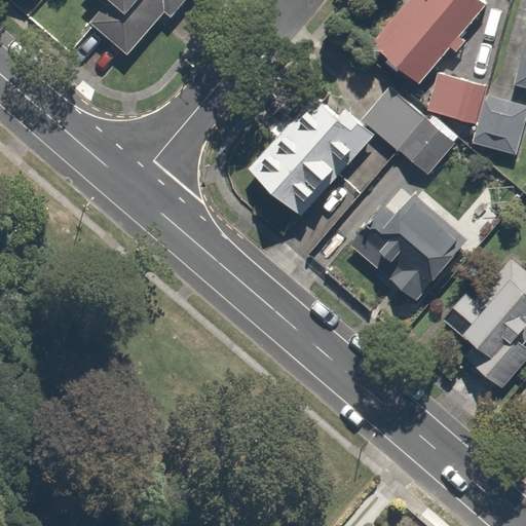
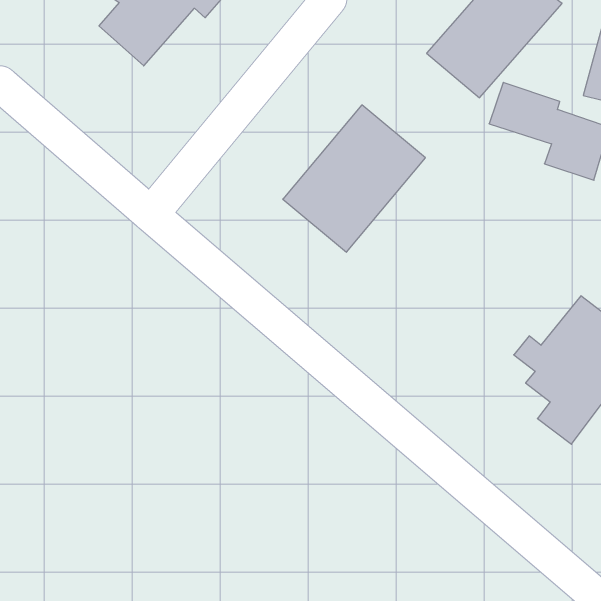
building: [360,80,453,171] -> none
building: [351,194,462,297] -> none

